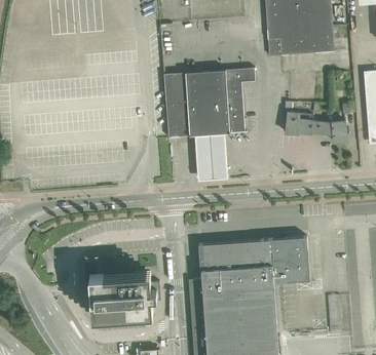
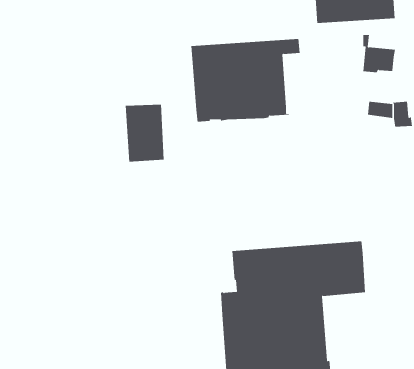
building: [286,102,313,133] -> [362,35,396,73]
building: [195,134,228,183] -> [125,104,164,162]
building: [89,270,161,318] -> none

